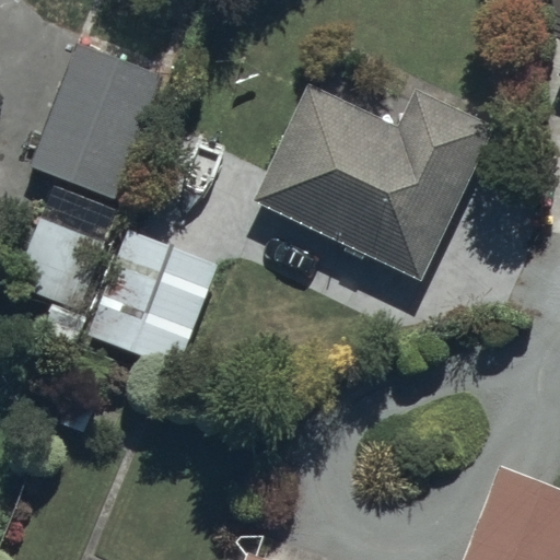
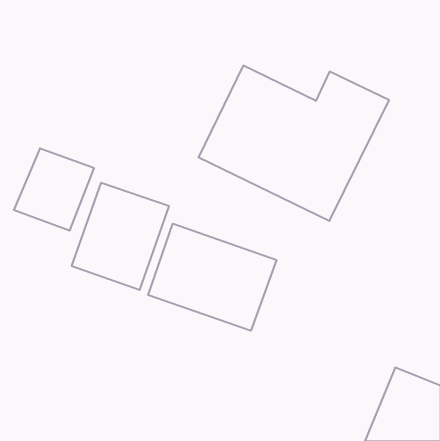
building: [28,43,162,202] -> none
building: none -> [148,224,276,331]

